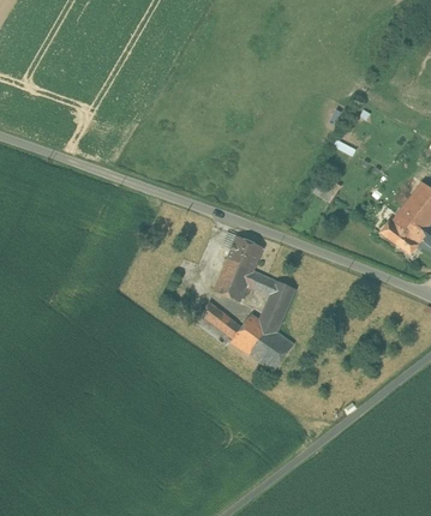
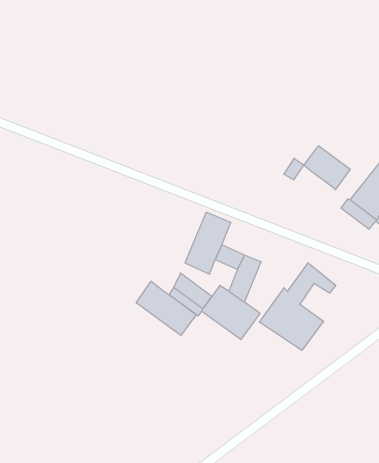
building: none -> [304,146,350,190]
building: none -> [259,263,336,350]
building: none -> [136,281,196,335]

